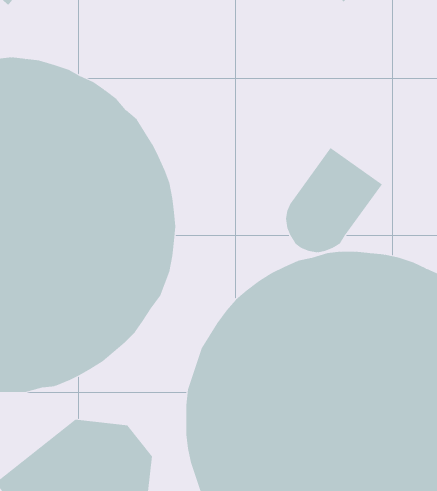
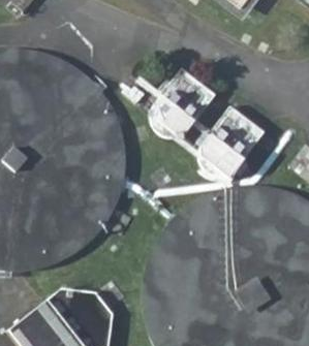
building: none -> [152,68,215,136]

